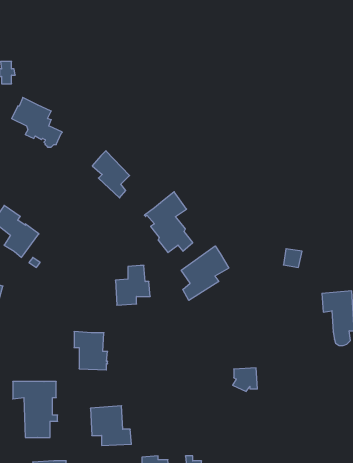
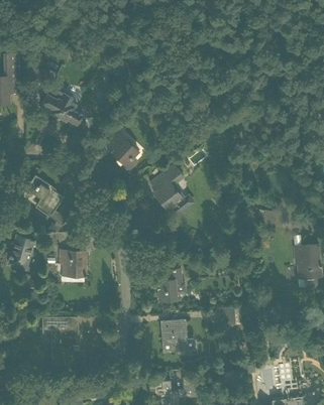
building: [181,246,229,300] -> none
building: [115,265,150,305] -> [157,269,186,301]
building: [74,332,108,370] -> [59,251,86,282]
building: [90,406,131,445] -> [160,320,194,353]

